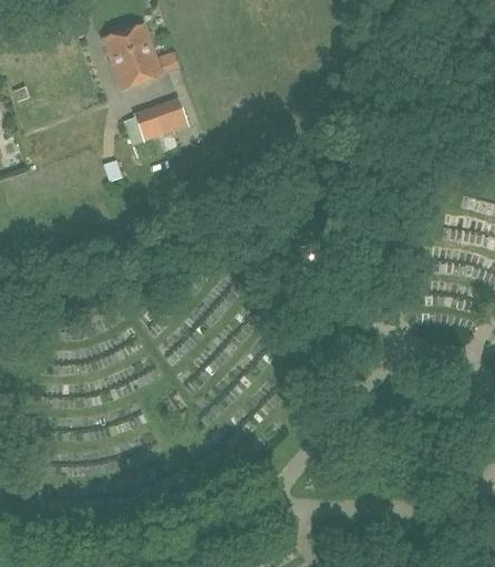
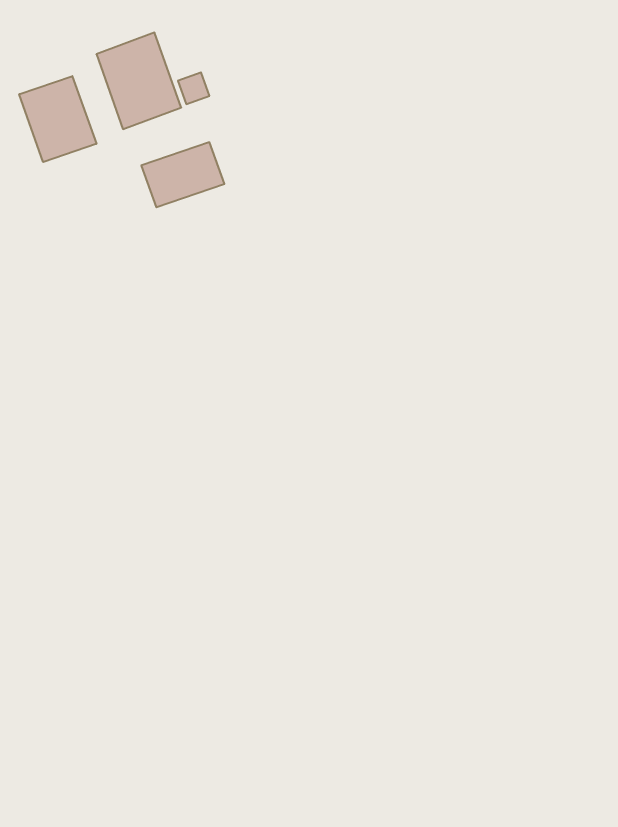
building: none -> [19,76,96,162]

